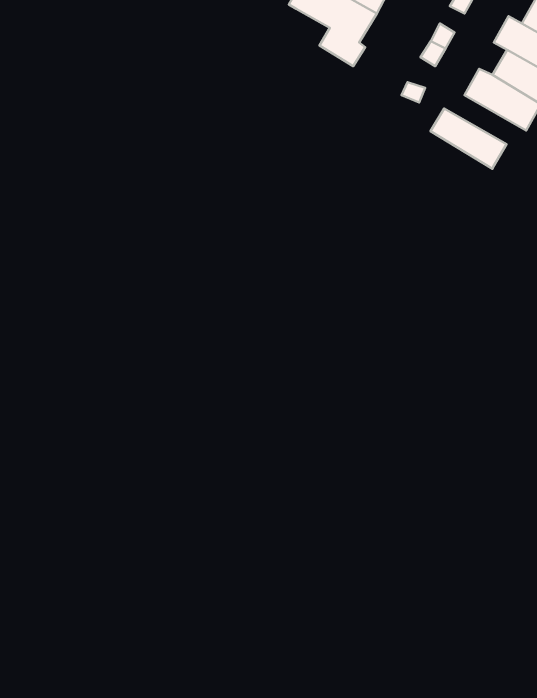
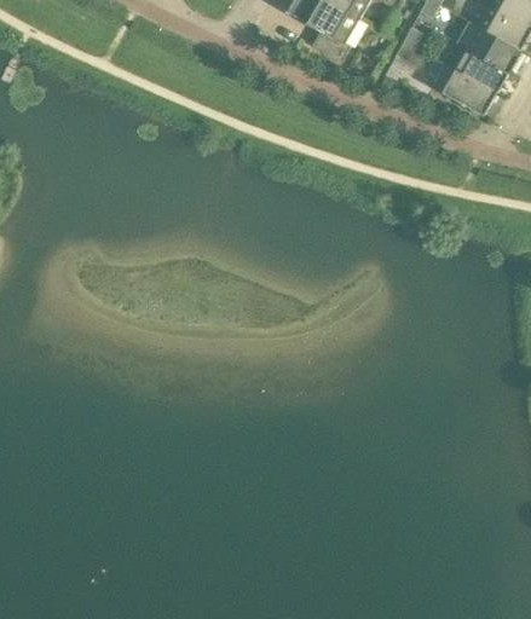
building: [431,108,507,169] -> none

